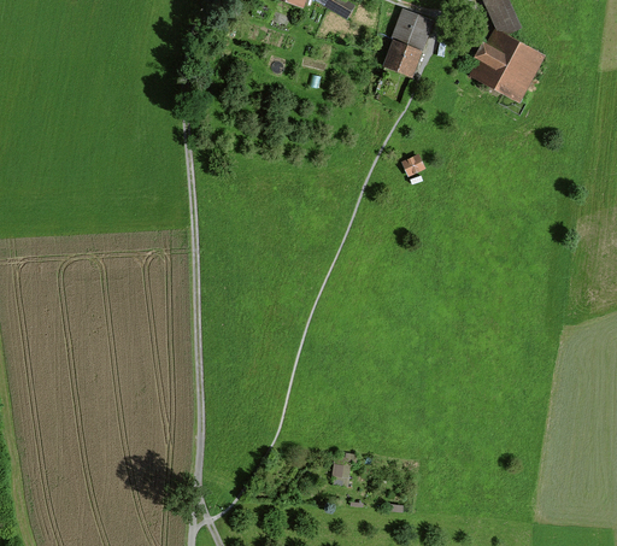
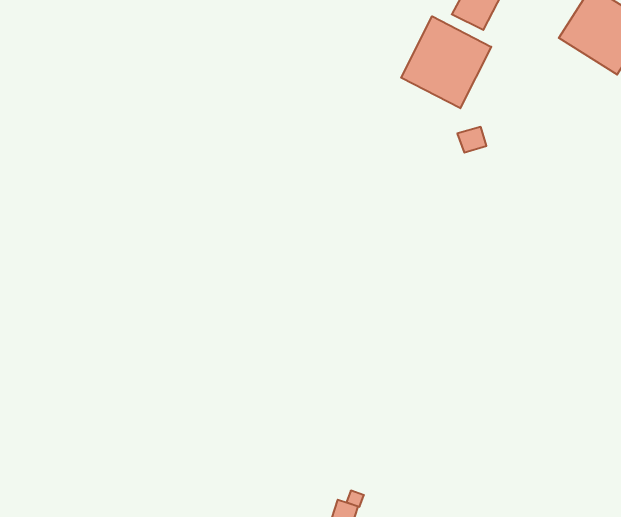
building: none -> [401,16,491,108]

